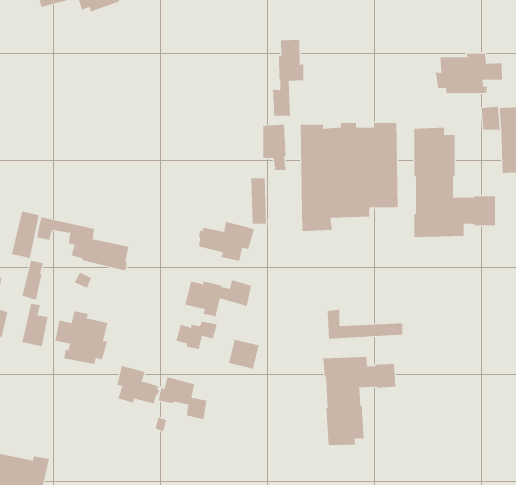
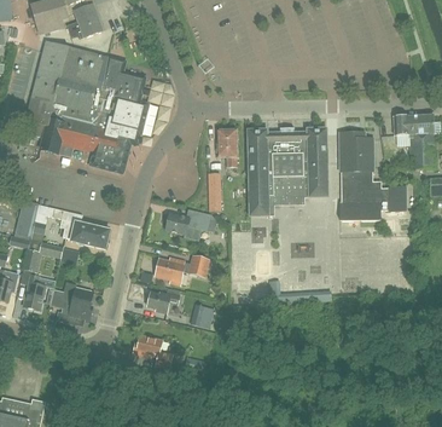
building: none -> [22,40,157,173]
building: [273,39,304,116] -> none
building: [435,53,502,94] -> none
building: [323,356,396,446] -> none
building: [117,365,160,404] -> none

